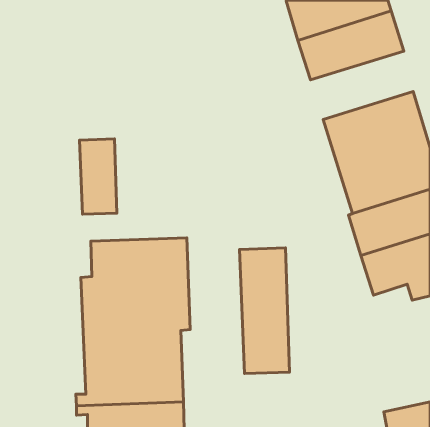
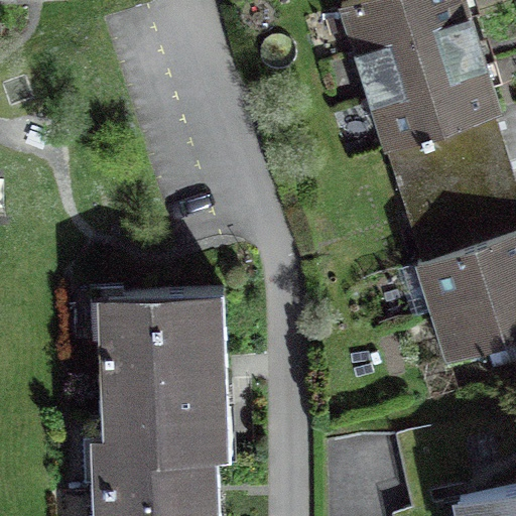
building: none -> [372,64,499,146]
building: [80,139,117,214] -> none
building: [240,248,290,374] -> none

